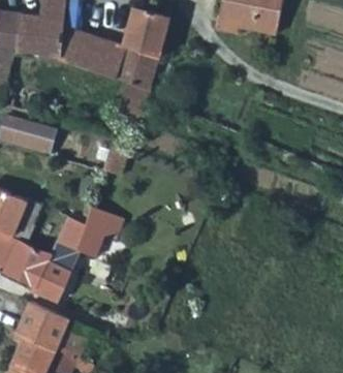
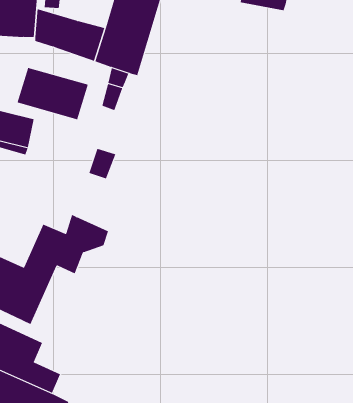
building: none -> [17,67,88,120]

